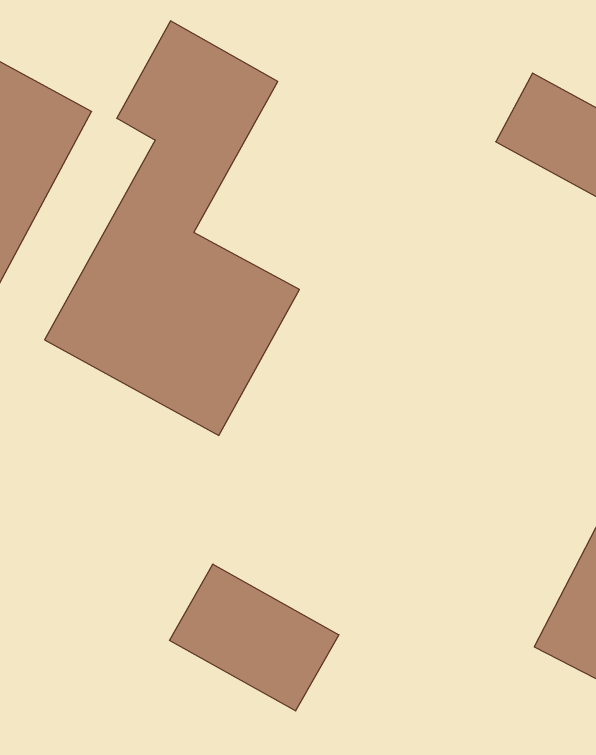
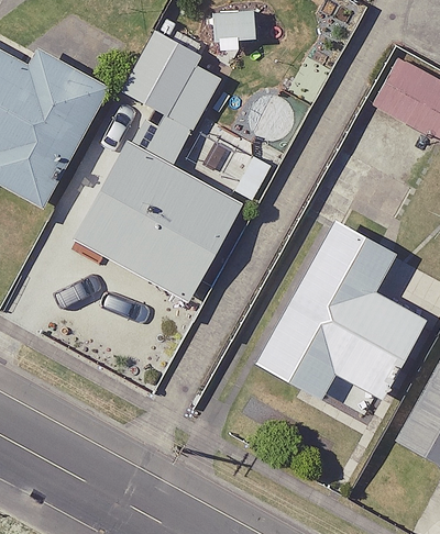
building: none -> [257,224,422,397]
building: [170,564,339,711] -> none

